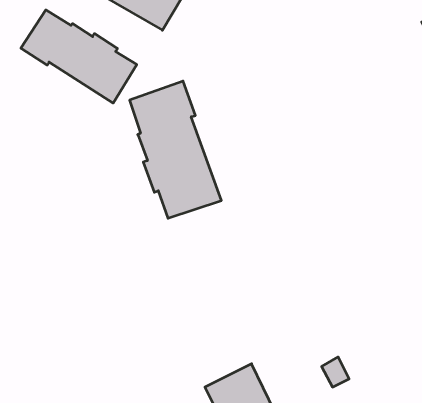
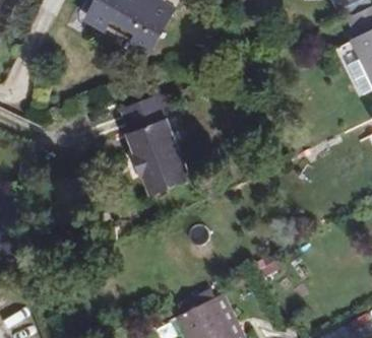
building: [21,10,137,103] -> none

